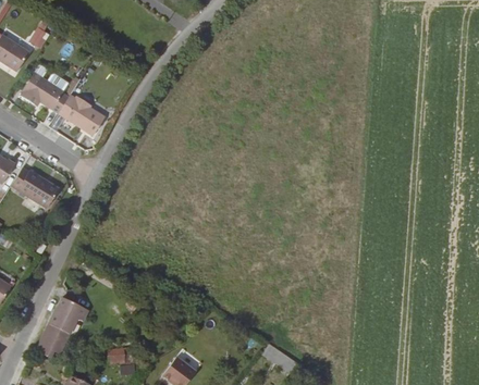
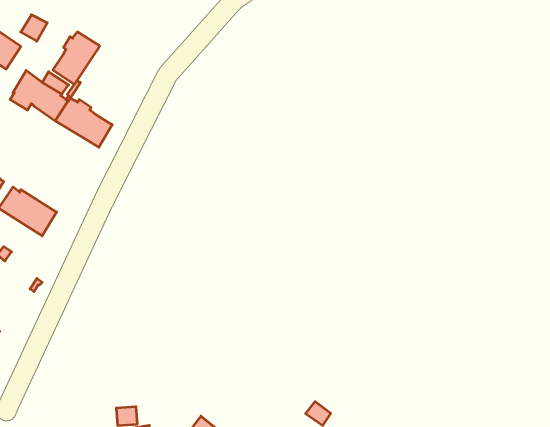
building: none -> [53,32,100,84]
building: [36,297,88,356] -> none

